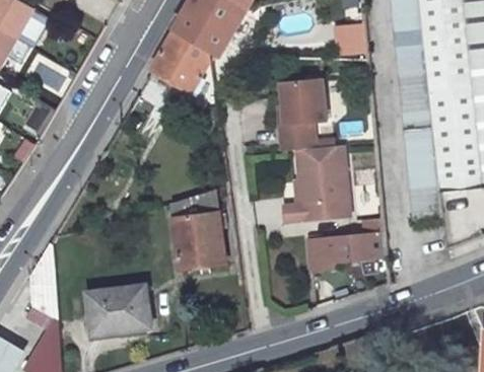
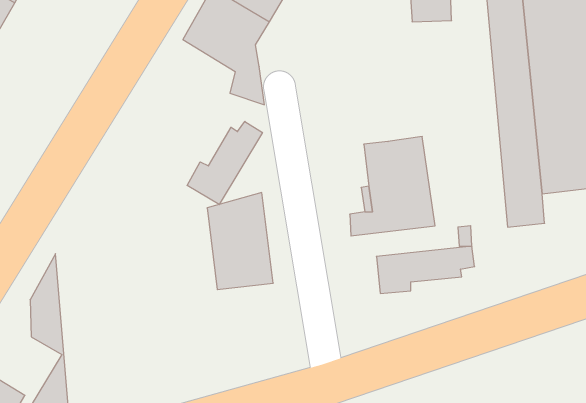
building: [278,80,323,153] -> none
building: none -> [187,121,262,205]
building: [89,286,150,332] -> none

